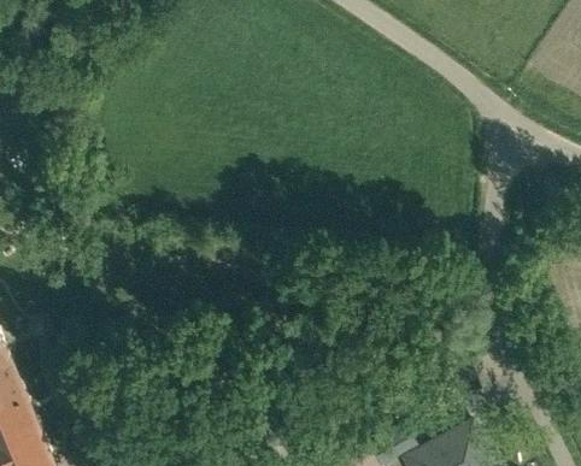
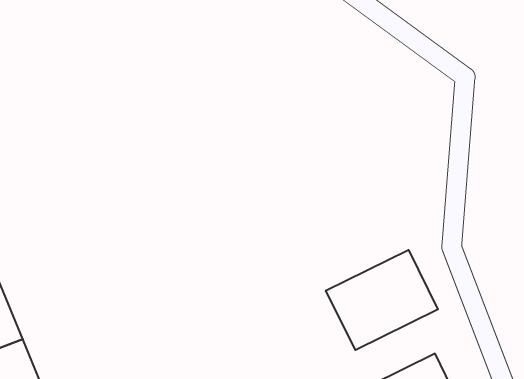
building: none -> [326,250,438,350]

